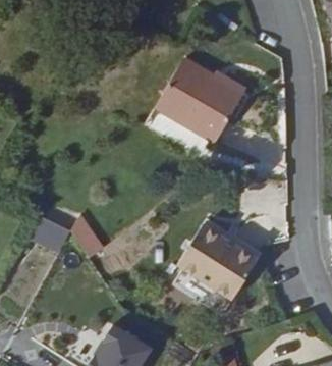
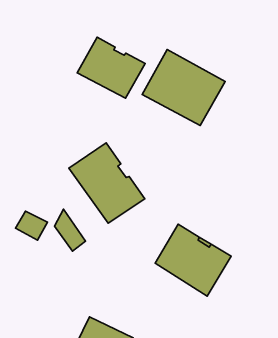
building: none -> [77,37,145,98]
building: none -> [69,143,145,223]

